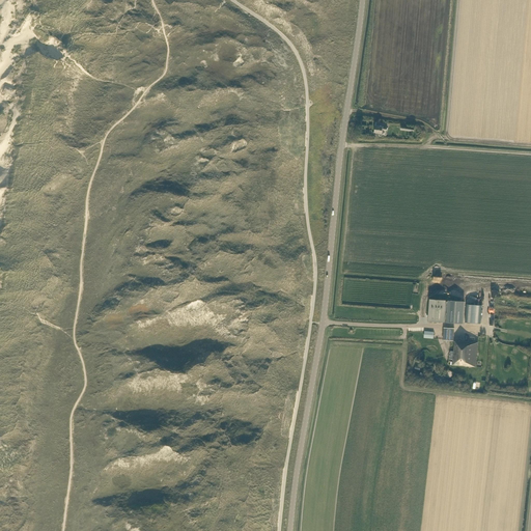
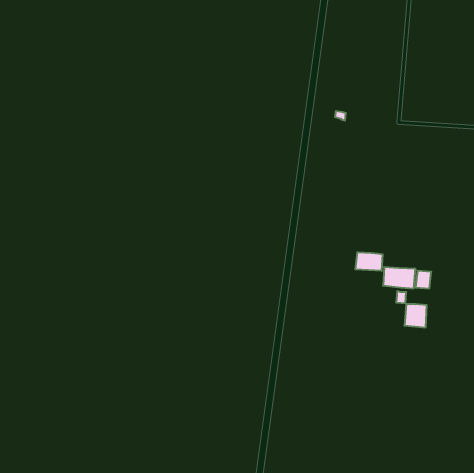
building: none -> [355,252,383,271]

